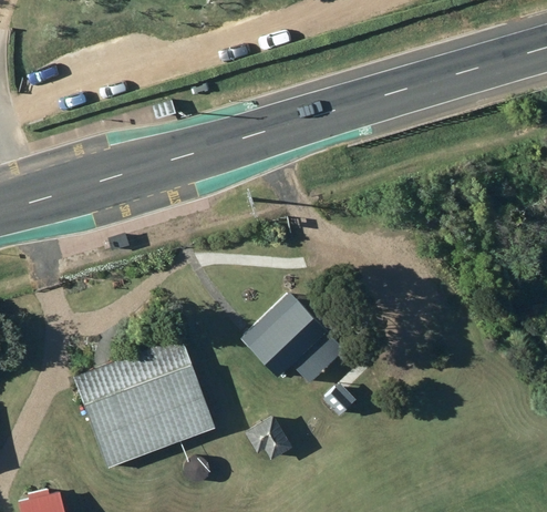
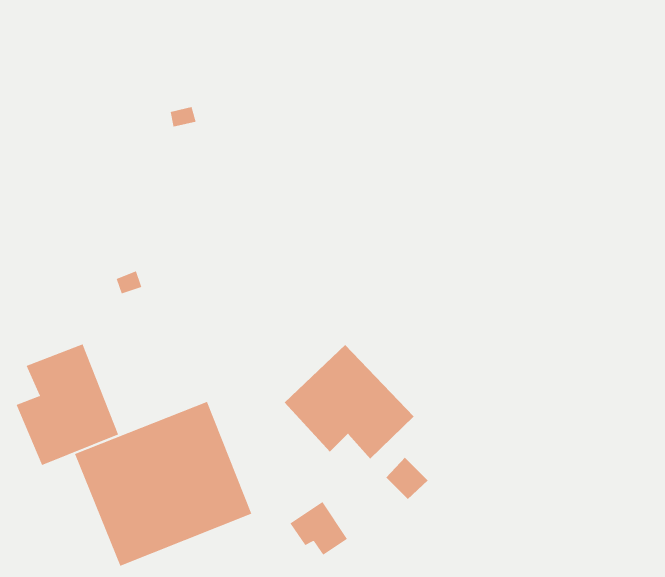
building: none -> [16,343,119,466]

